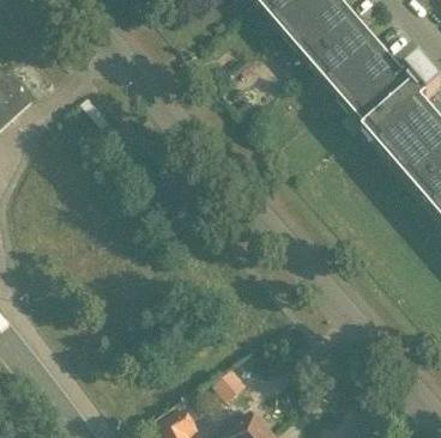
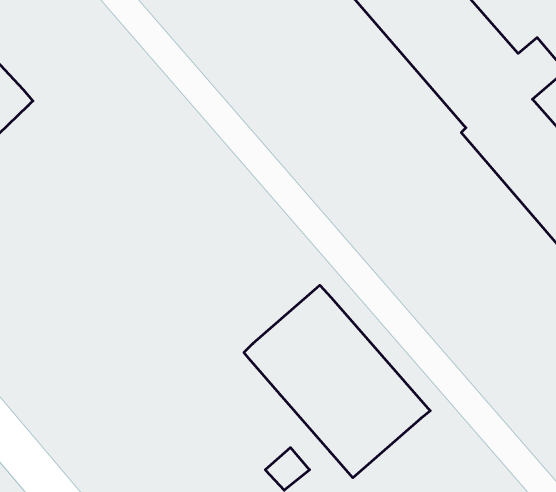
building: none -> [244,285,430,478]

